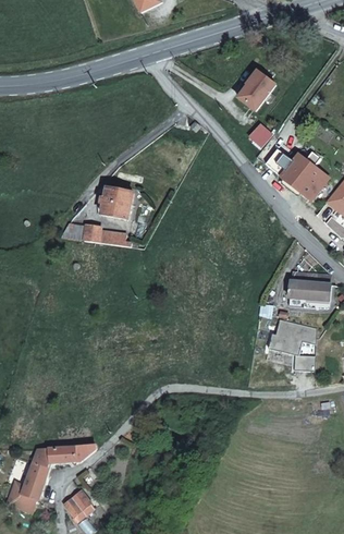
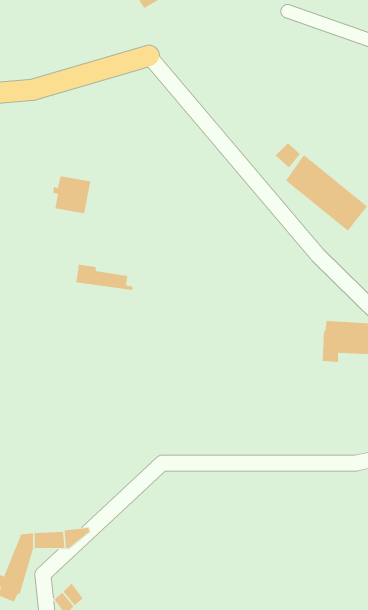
building: [238,71,277,111] -> none
building: [100,187,133,219] -> [52,176,91,214]
building: [269,319,317,368] -> none

